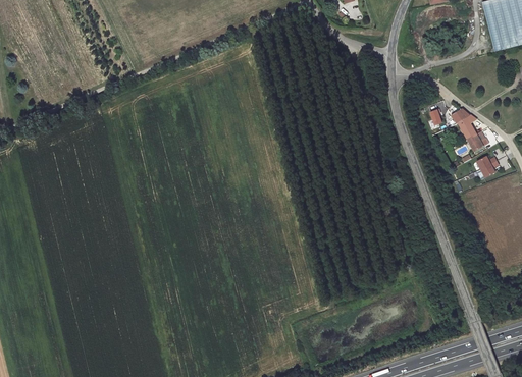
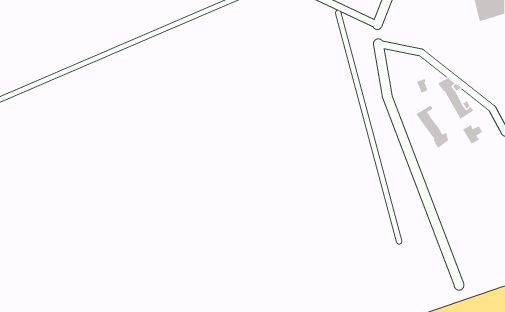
building: none -> [416,104,449,149]

